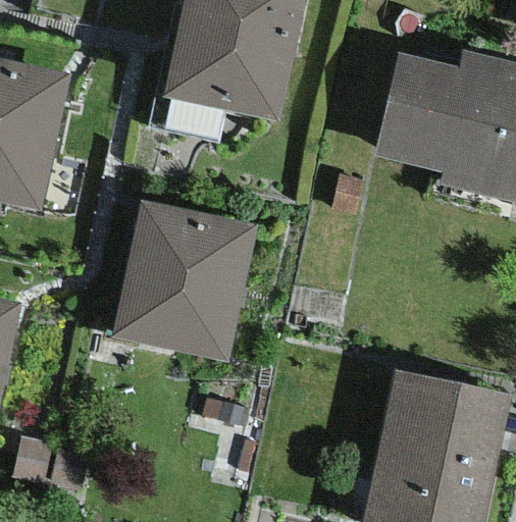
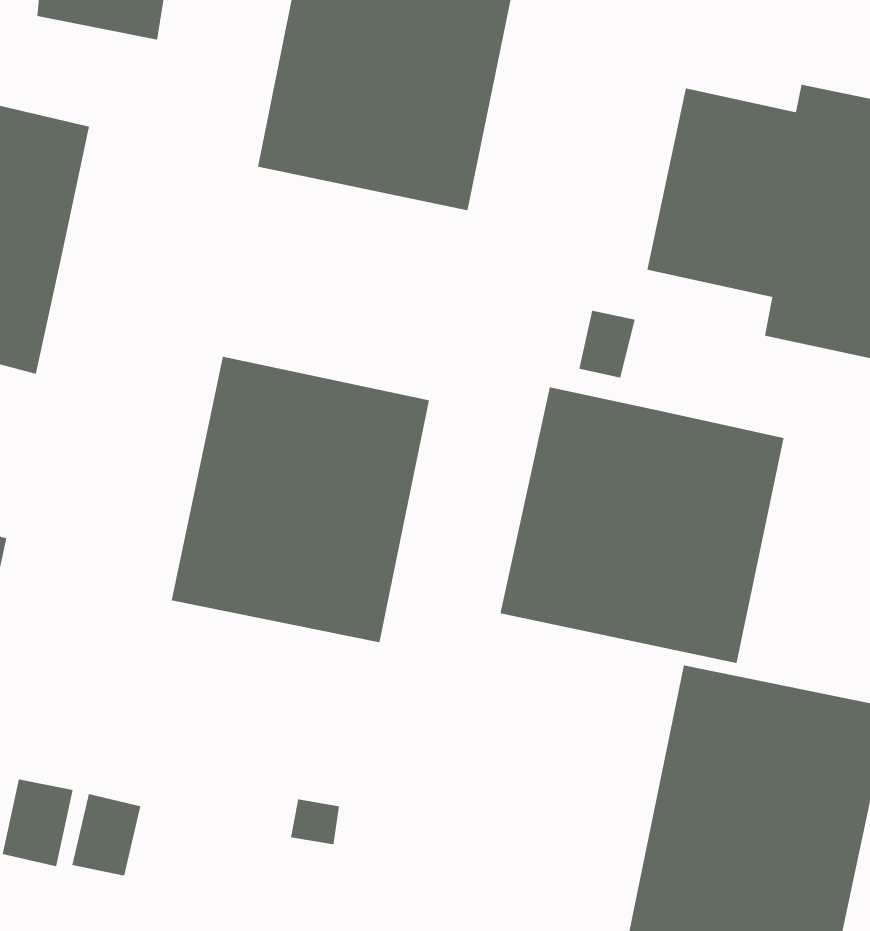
building: none -> [500,386,784,664]

